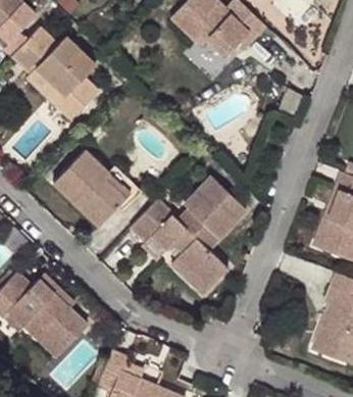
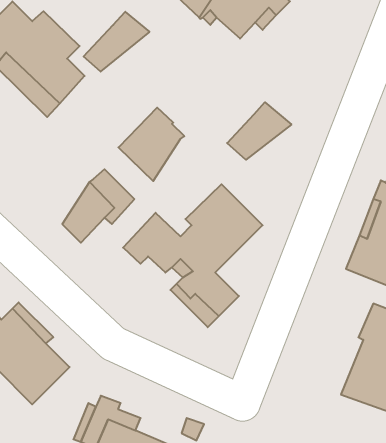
building: none -> [84,12,149,72]
building: none -> [227,102,291,160]
building: [52,149,106,209] -> [118,108,184,181]

